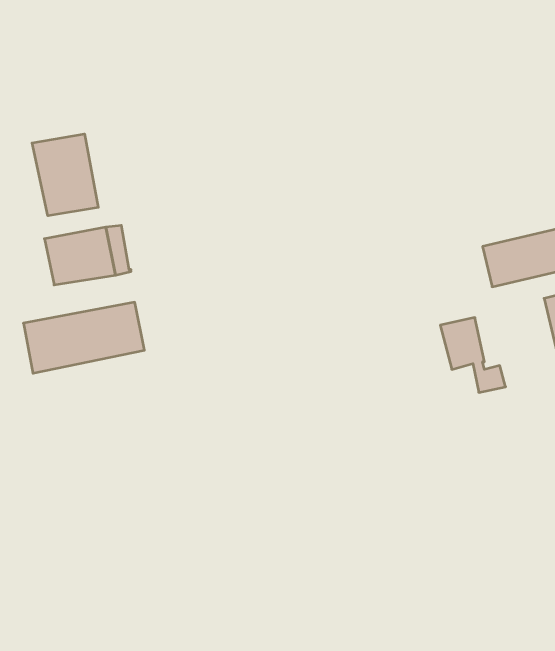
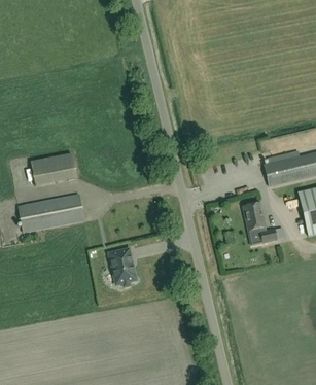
building: [32,134,98,216] -> none
building: none -> [108,248,136,285]

